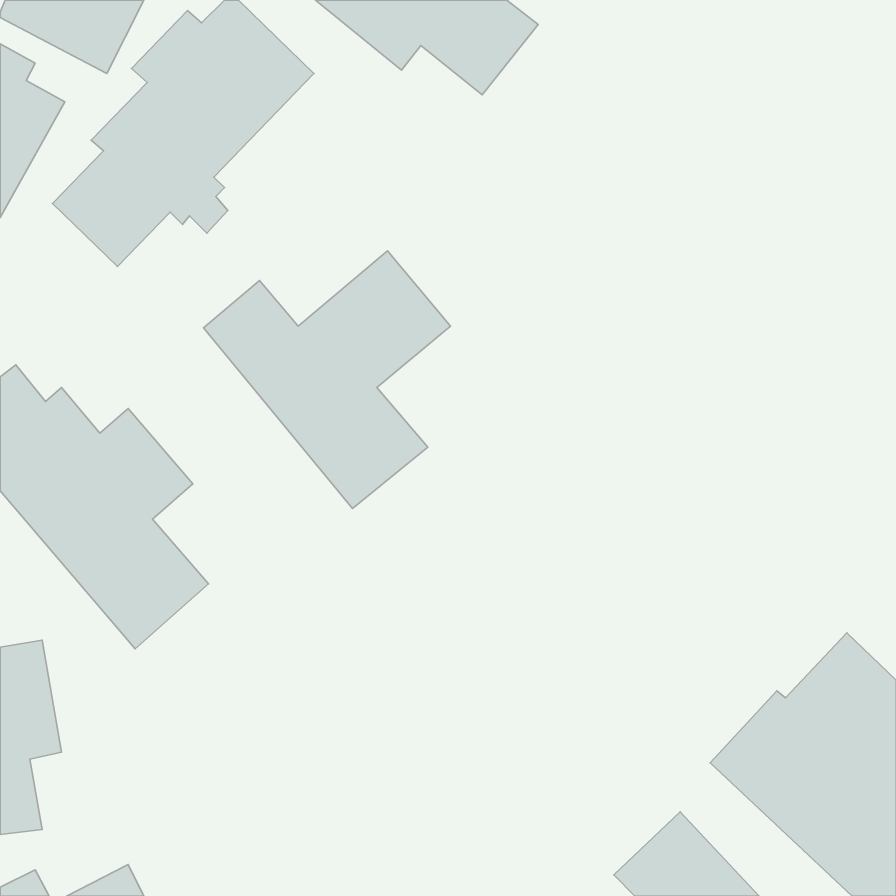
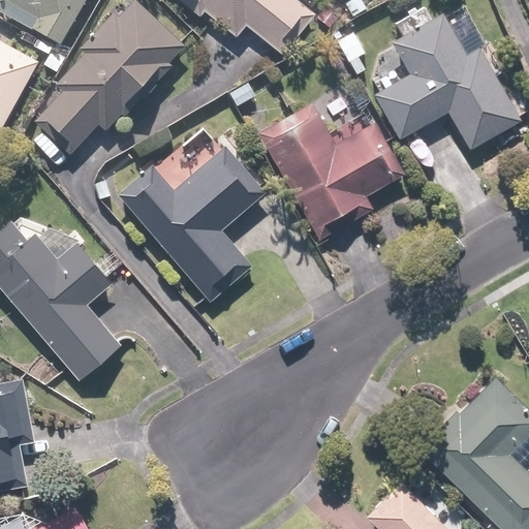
building: none -> [369,9,523,149]
building: none -> [257,100,403,241]

